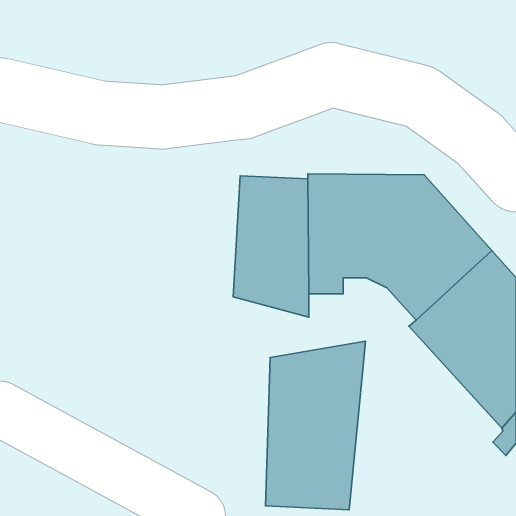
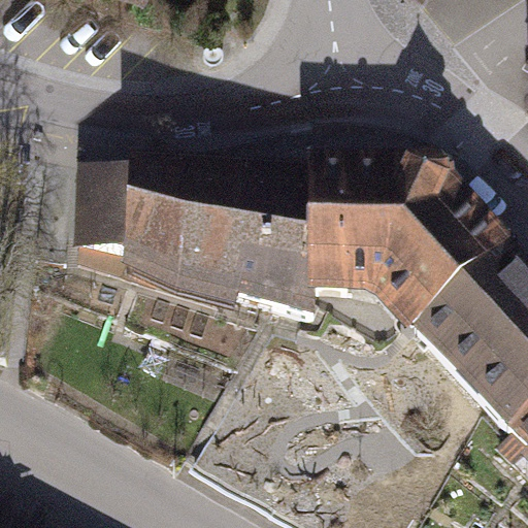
building: none -> [81,175,245,303]
building: [265,341,366,510] -> none

